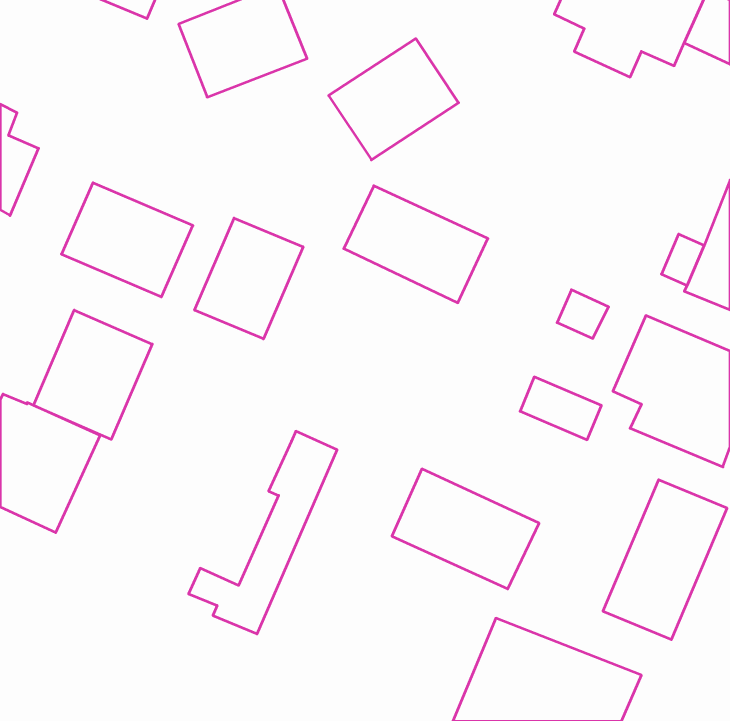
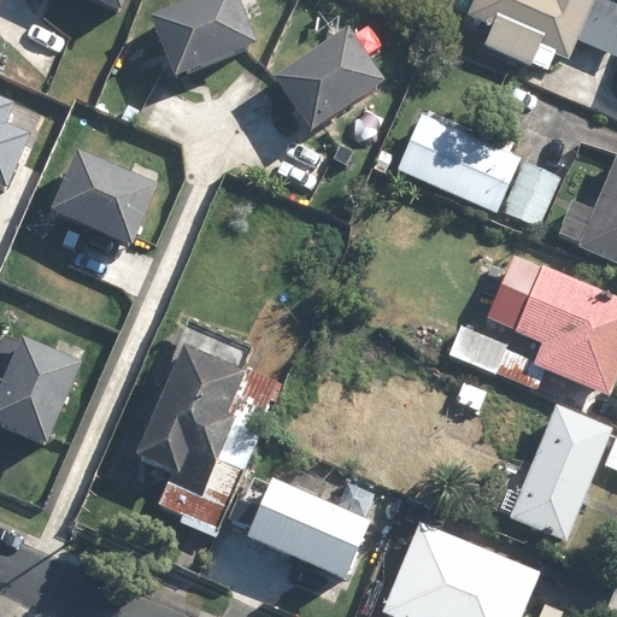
building: [344,186,488,303] -> [398,112,519,211]
building: none -> [504,159,562,225]
building: [195,218,303,339] -> none
building: [33,310,152,439] -> none
building: none -> [135,346,246,494]
building: [392,469,539,589] -> [246,478,370,580]

